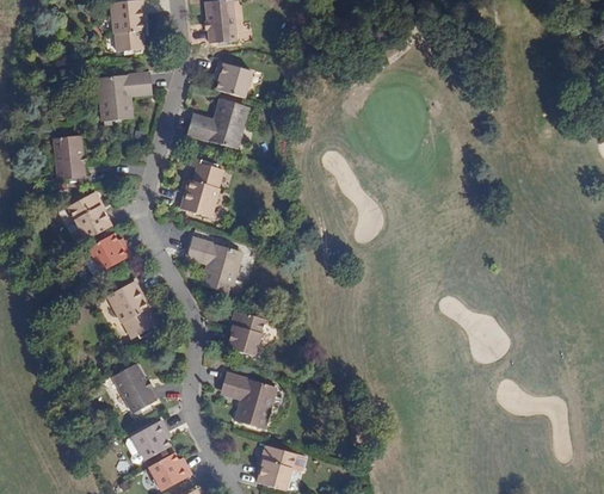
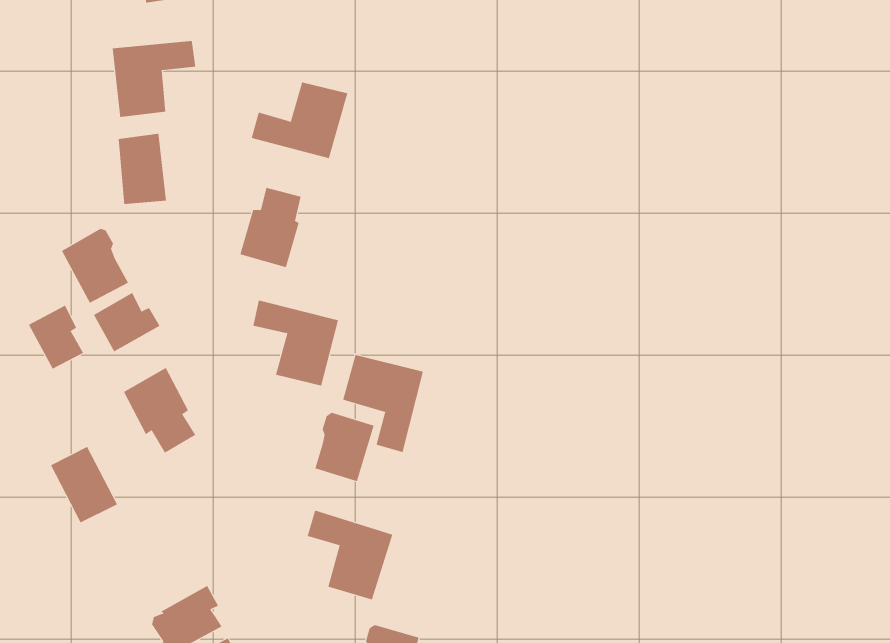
building: [214,60,249,95] -> none
building: [54,134,85,179] -> [118,133,167,205]
building: none -> [28,305,84,369]
building: none -> [342,354,424,453]
building: [112,363,155,412] -> [50,446,118,523]

